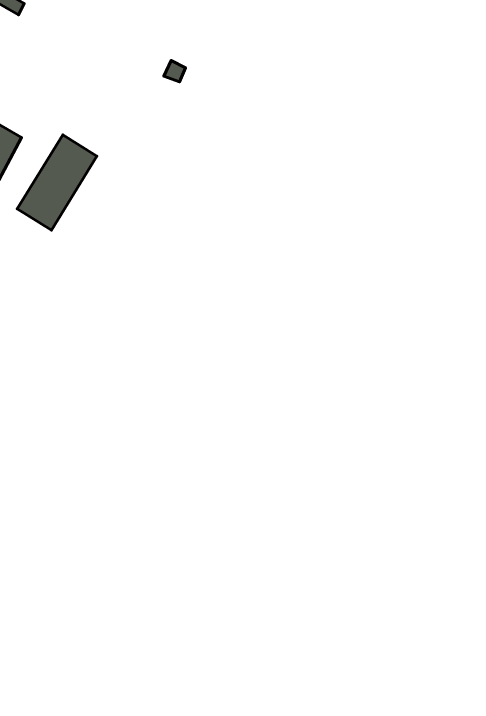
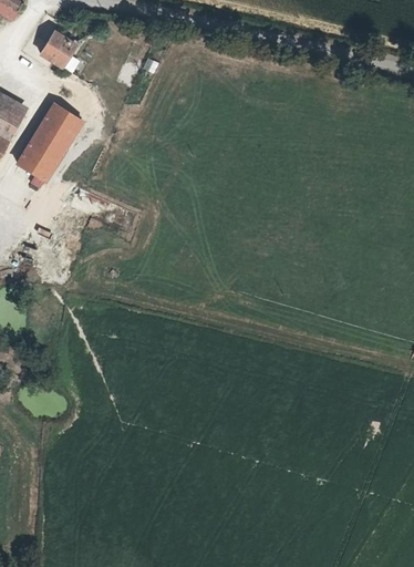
building: none -> [41,31,77,66]

